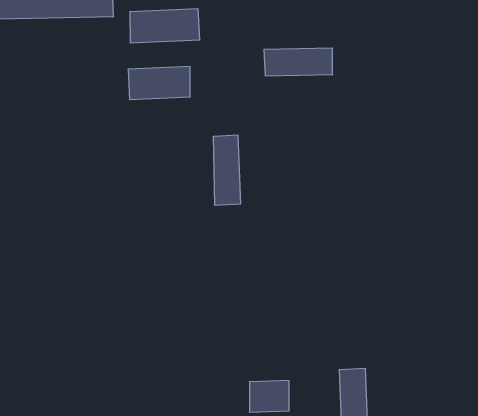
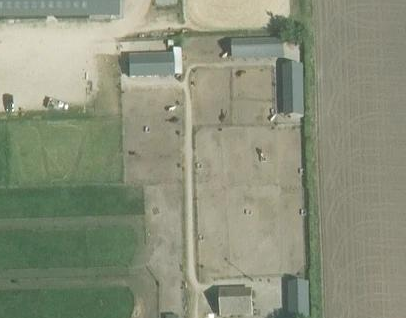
building: [130,9,200,43] -> none
building: [213,135,241,205] -> [283,63,304,116]

